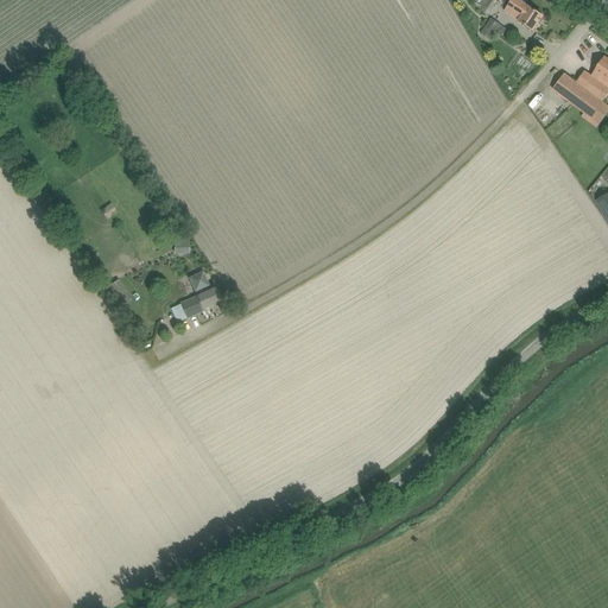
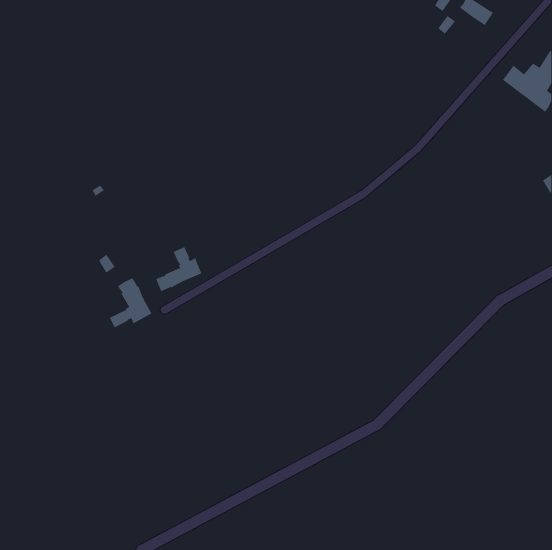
building: none -> [109,277,152,328]

